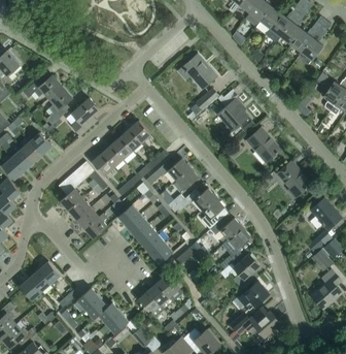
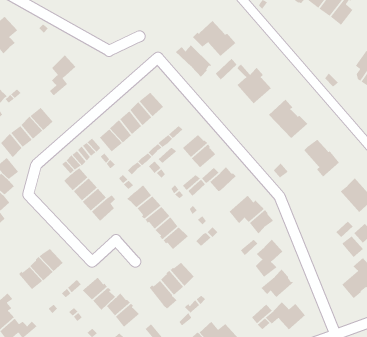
building: [23,75,61,98] -> none
building: none -> [175,45,213,78]
building: [71,97,99,134] -> none
building: [201,196,227,228] -> none

